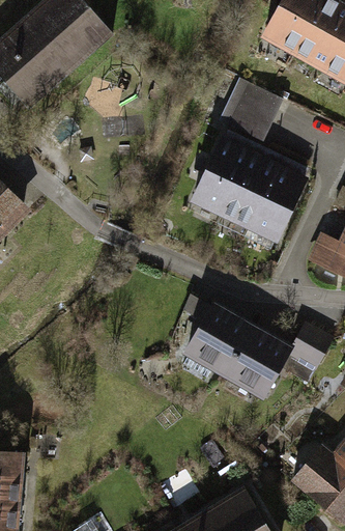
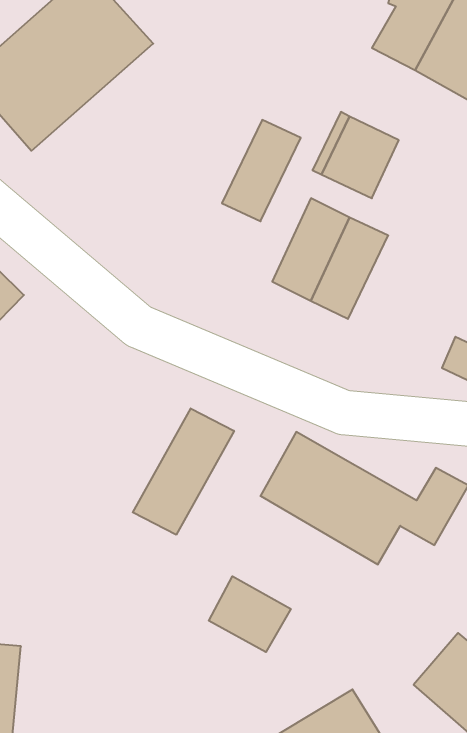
building: [248,167,303,237] -> [222,120,301,221]
building: none -> [133,408,234,535]
building: none -> [209,576,291,652]

